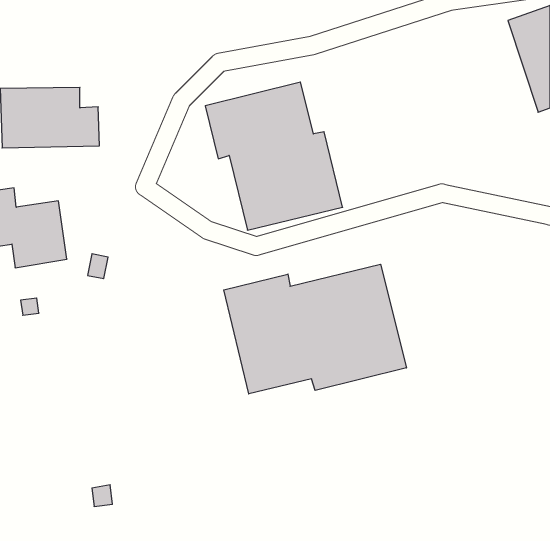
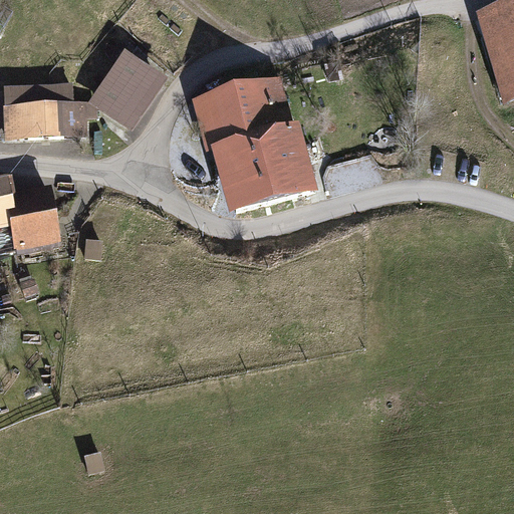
building: none -> [100,50,167,120]
building: [224,264,406,394] -> none

